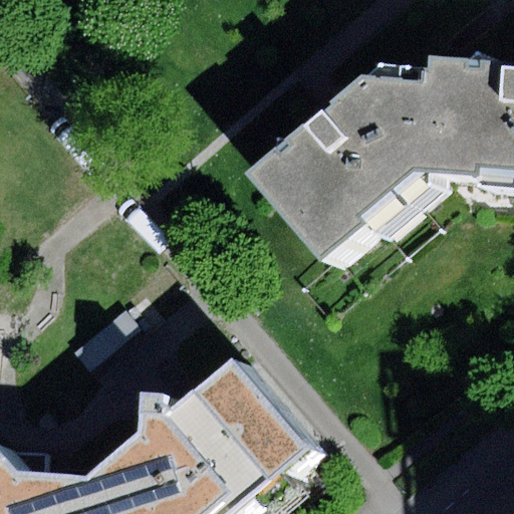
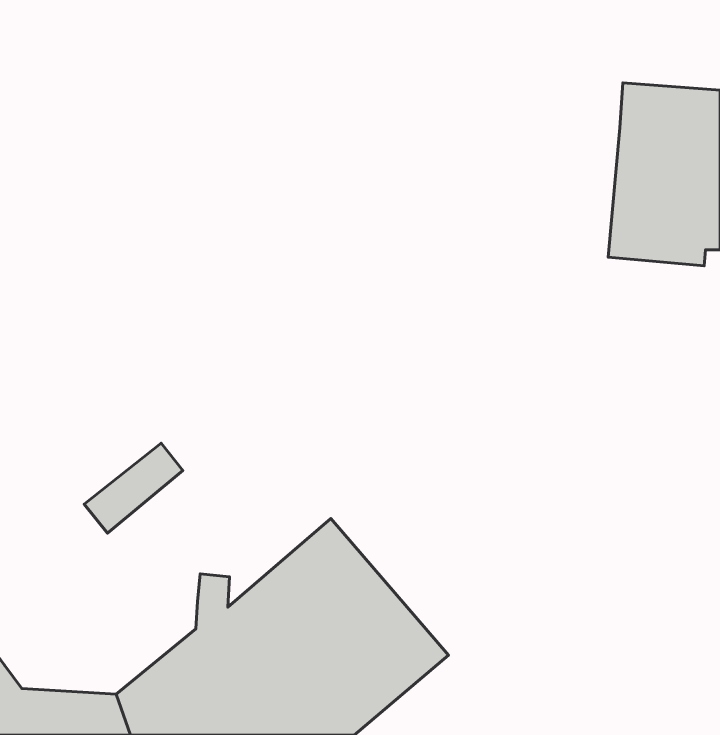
building: [251,83,429,271] -> none

